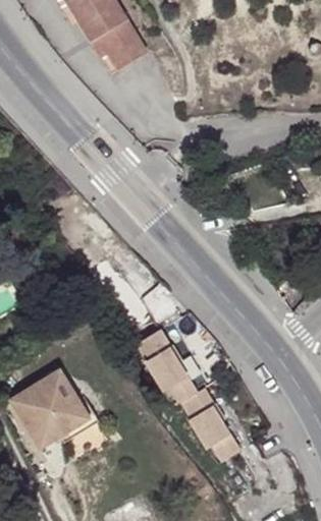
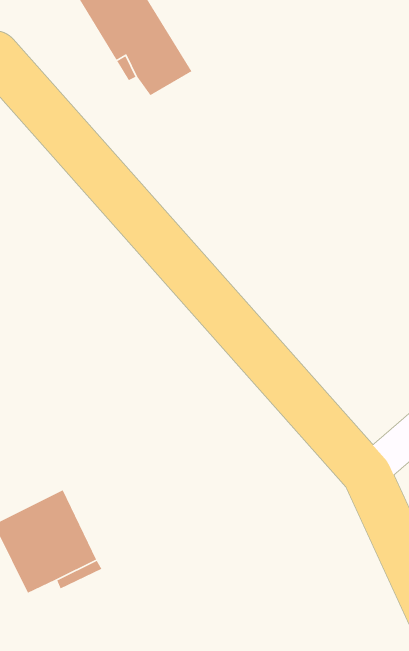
building: [136,326,237,458] -> none

